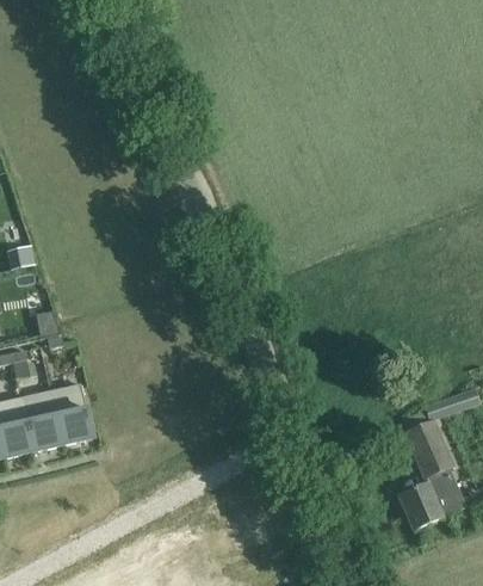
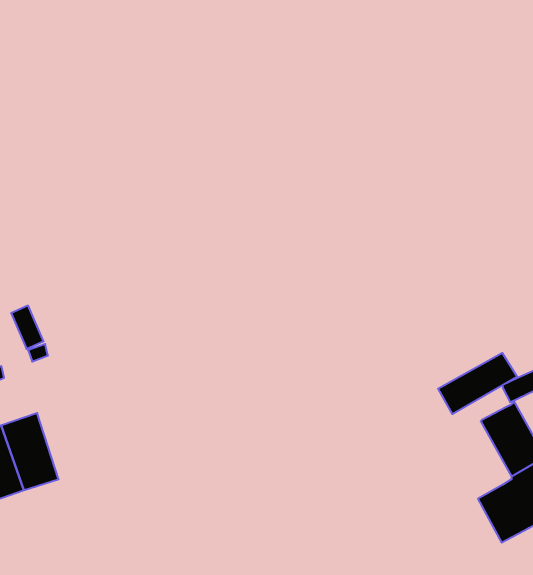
building: none -> [438,353,517,414]
building: [49,383,92,445] -> none

